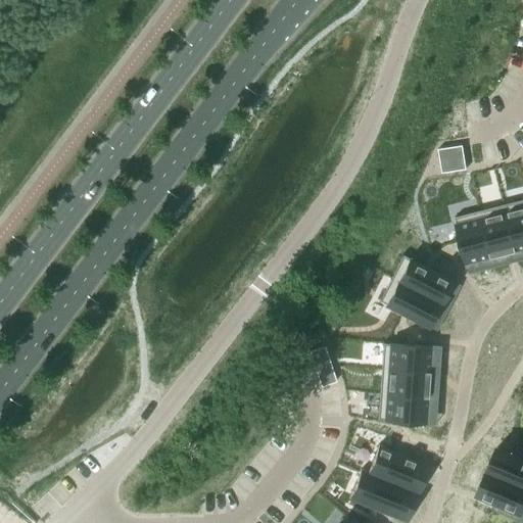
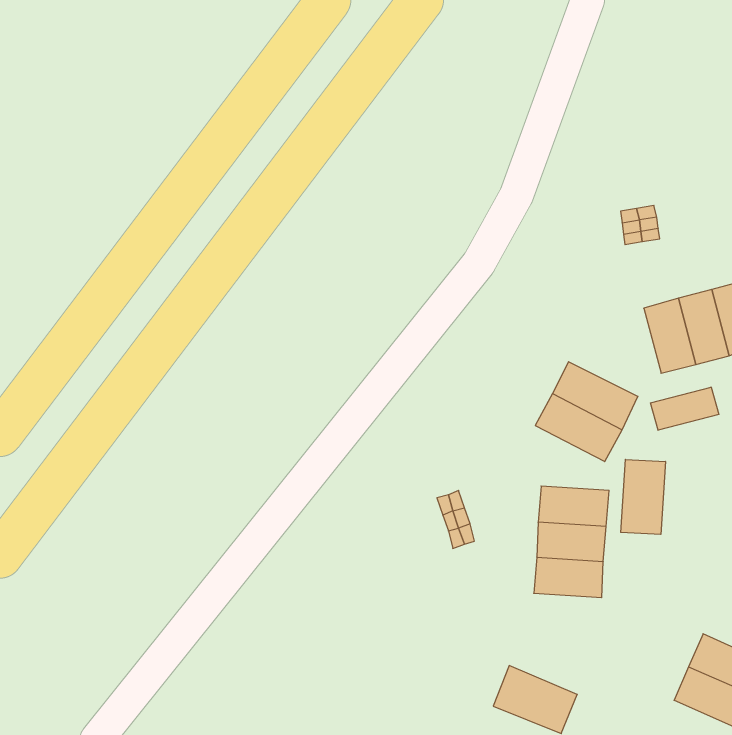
building: none -> [650,387,719,430]
building: none -> [621,459,665,534]
building: [365,447,425,493] -> none

